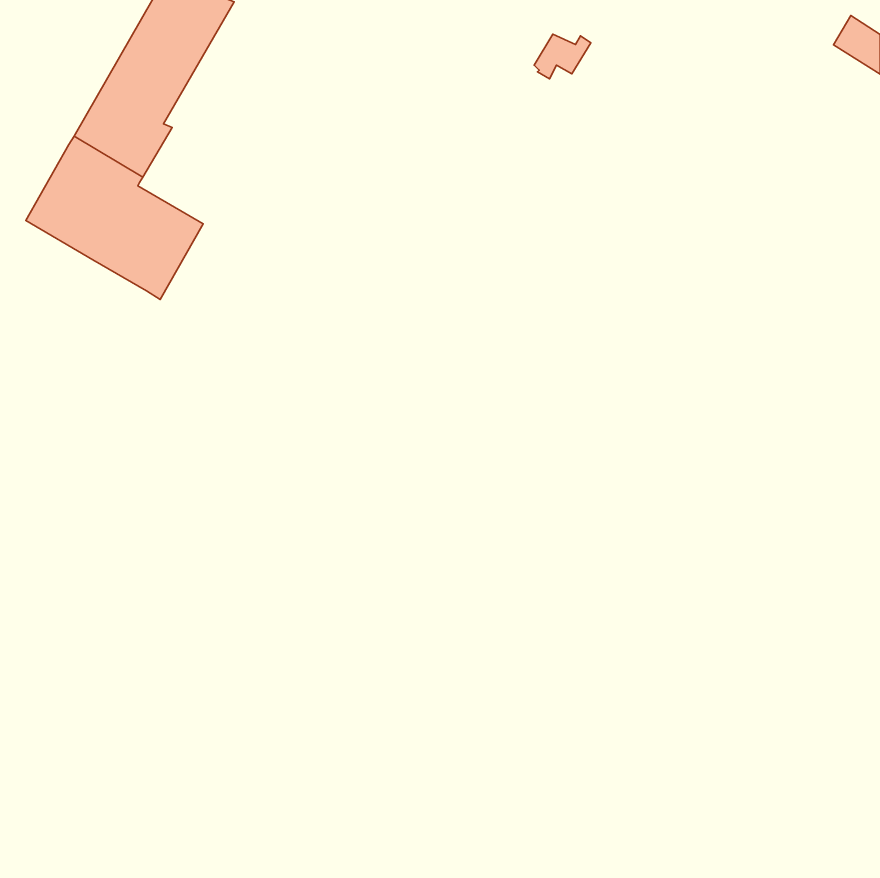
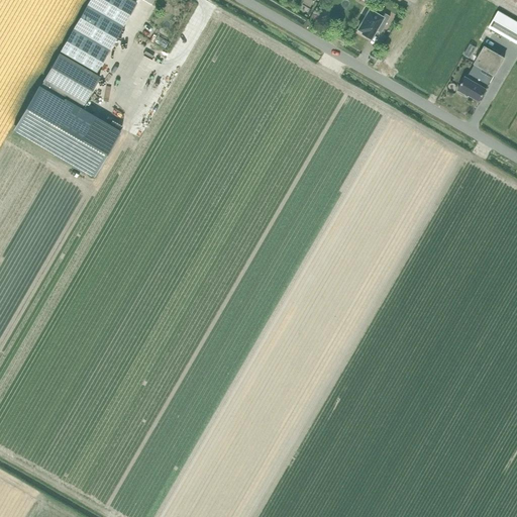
building: [534,34,591,79] -> [359,10,393,36]
building: none -> [457,44,505,100]

